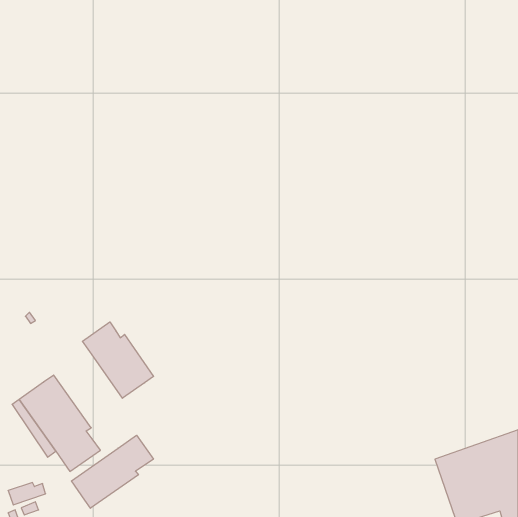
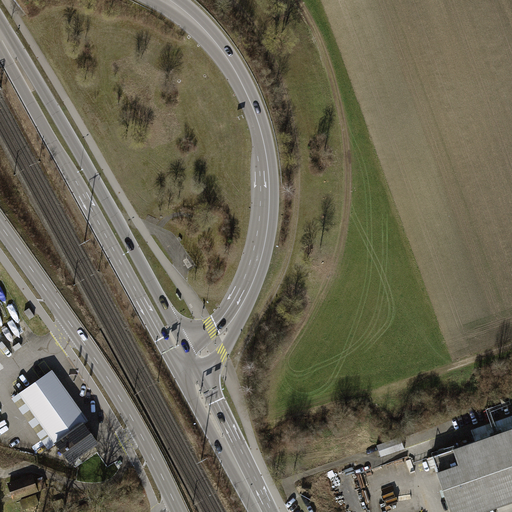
building: [82,322,154,398] -> none
building: [71,435,153,508] -> none

